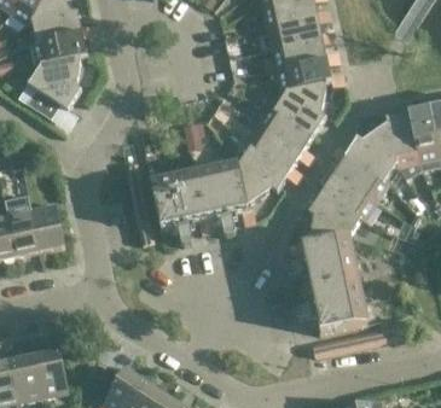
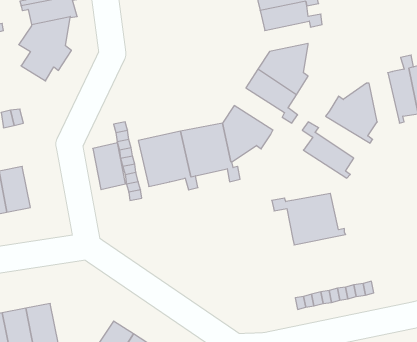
building: [280,59,344,91] -> none
building: [384,99,419,165] -> none
building: [249,128,303,182] -> none
building: [331,145,389,200] -> none
building: [308,192,365,244] -> none
building: [30,203,64,251] -> [93,143,126,190]
building: [297,279,372,333] -> none

